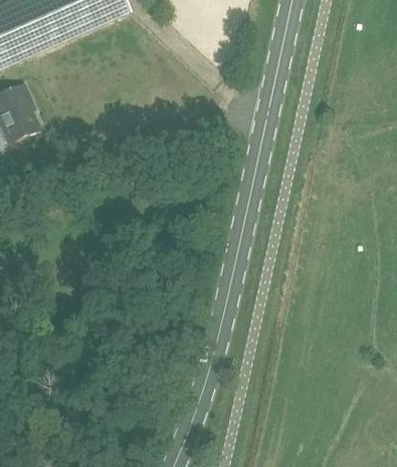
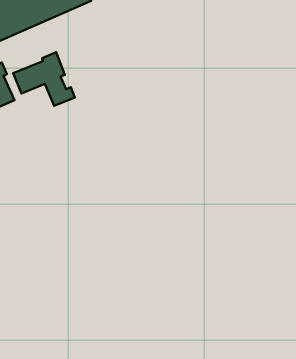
building: none -> [13,52,75,106]

